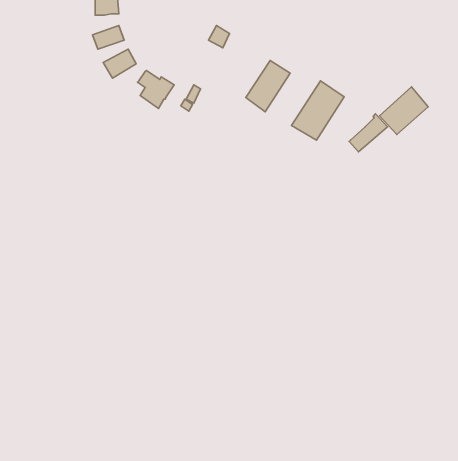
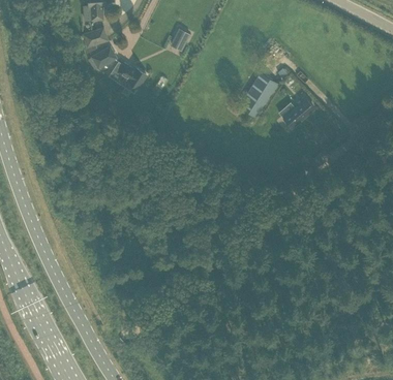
building: [246,60,290,112] -> none
building: [380,87,428,135] -> none

